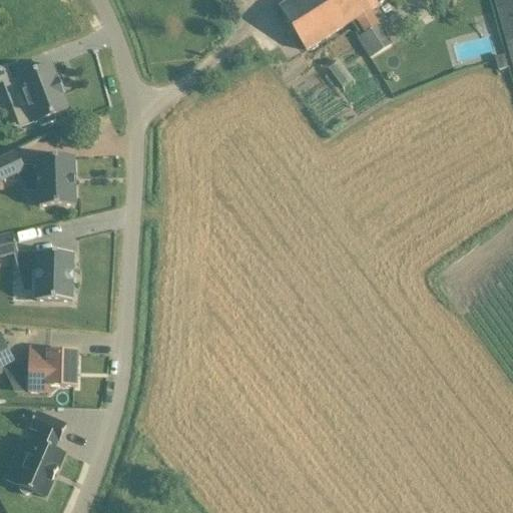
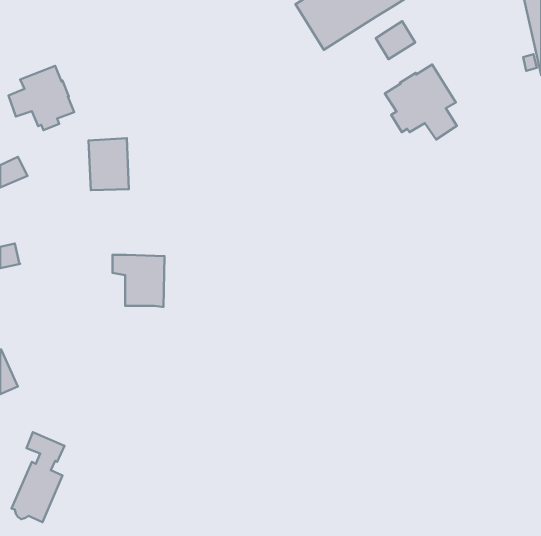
building: none -> [385,65,457,140]
building: [38,153,76,202] -> [89,138,129,190]
building: [25,249,74,299] -> [113,255,164,307]
building: [28,349,78,392] -> none

